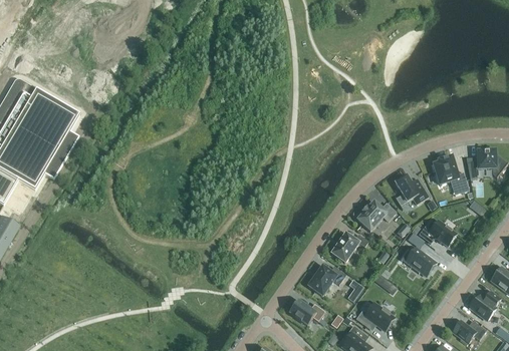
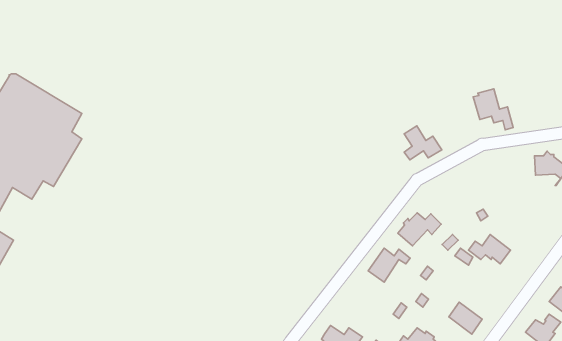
building: [433,156,468,193] -> [473,89,513,130]
building: [395,176,428,206] -> [404,126,442,160]
building: [406,248,435,276] -> [449,302,482,334]
building: [307,266,345,296] -> none

